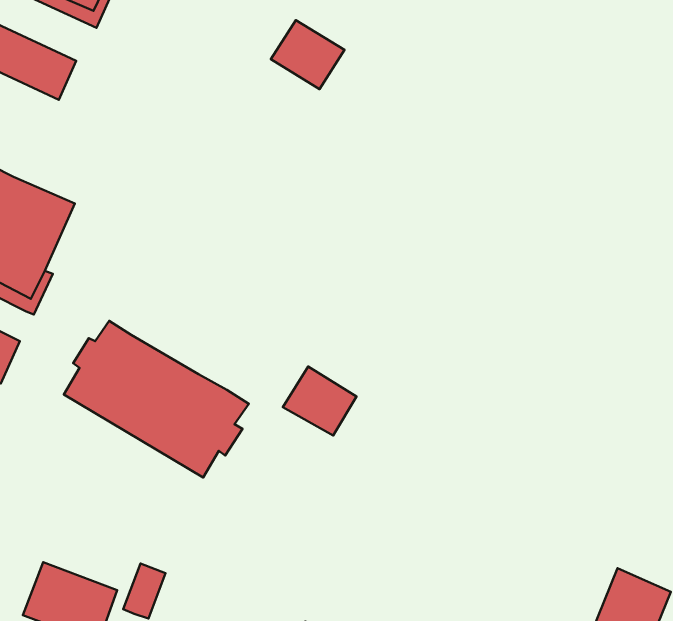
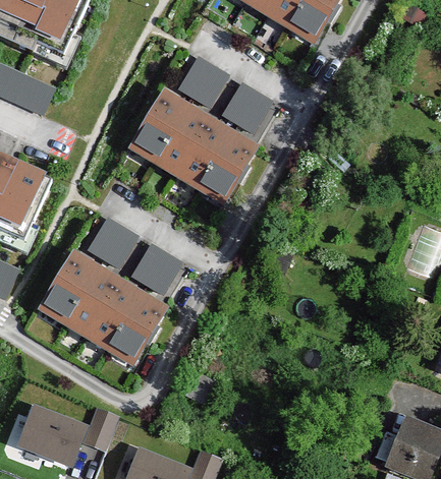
building: none -> [223,85,270,130]
building: none -> [136,93,256,194]
building: none -> [90,221,136,265]
building: [283,367,357,435] -> [132,246,180,291]

